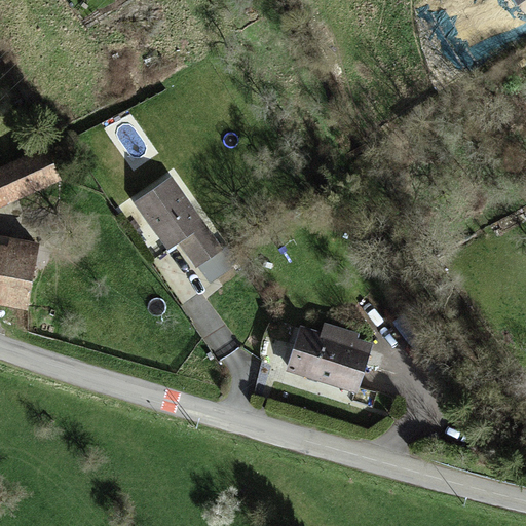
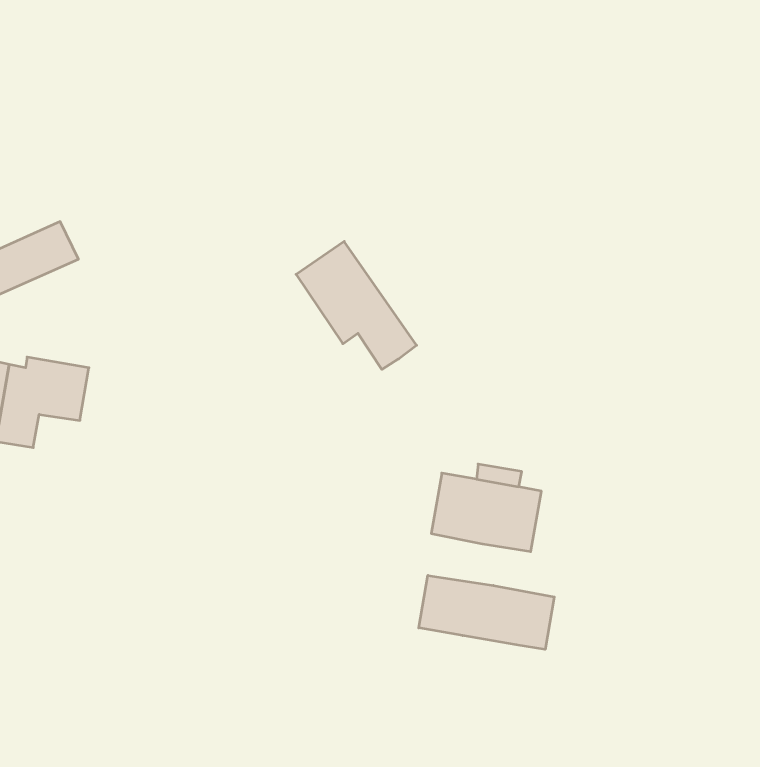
building: [133,181,215,268] -> [296,241,417,369]
building: none -> [419,575,554,649]

